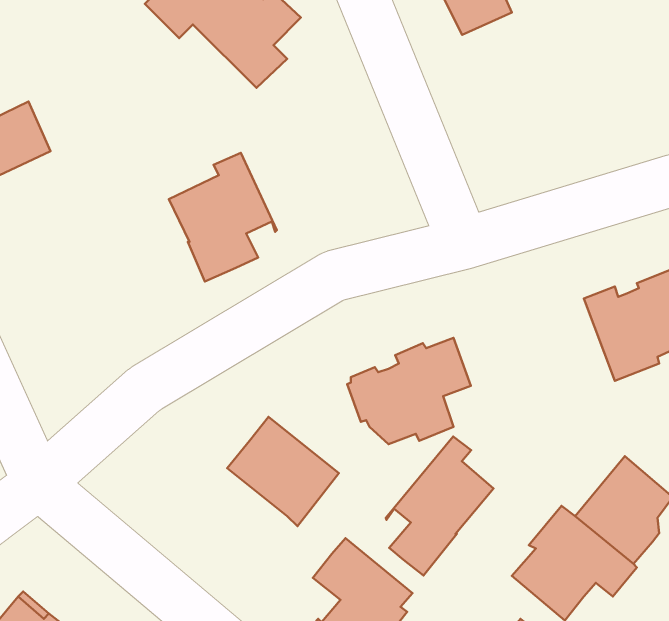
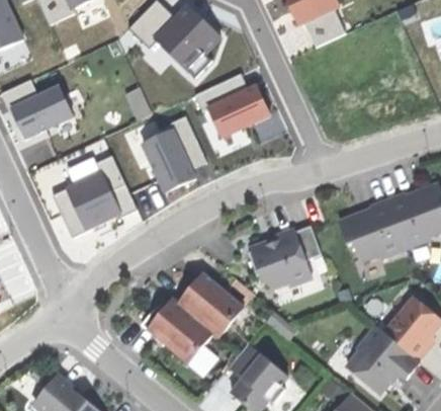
building: none -> [194,74,270,138]
building: none -> [53,156,138,238]
building: none -> [340,202,406,263]
building: [386,436,493,576] -> none
building: none -> [140,298,212,363]

